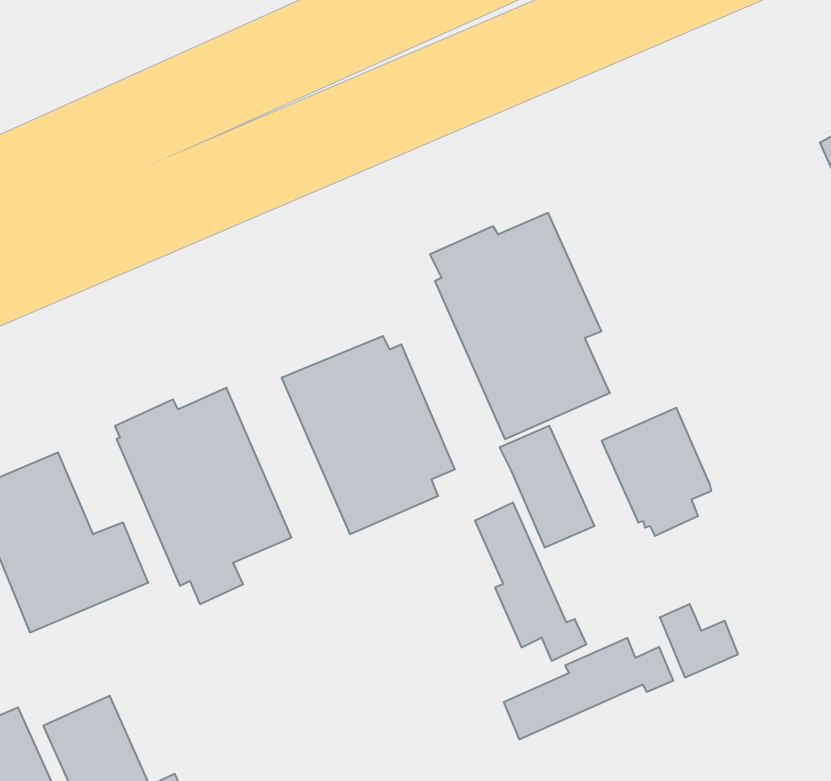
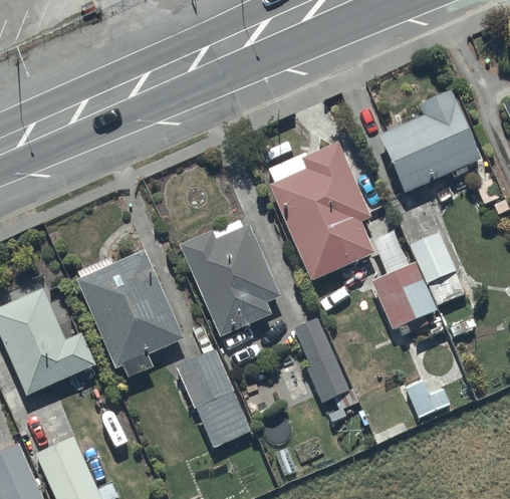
building: none -> [379,88,482,193]
building: [500,426,595,548] -> [409,234,466,307]
building: none -> [177,349,253,451]
building: [504,638,673,739] -> none

